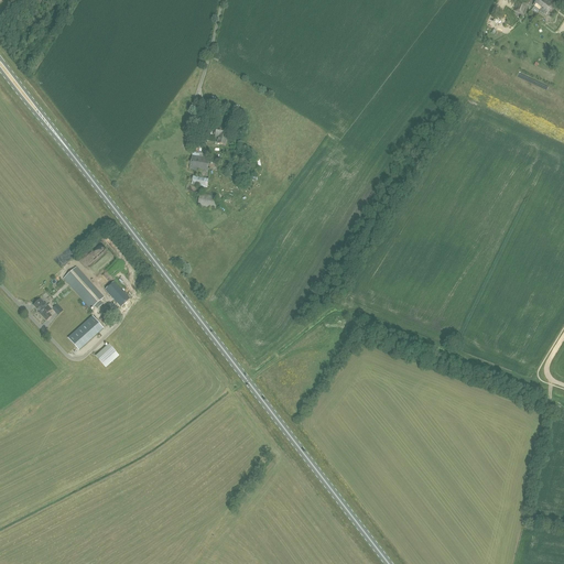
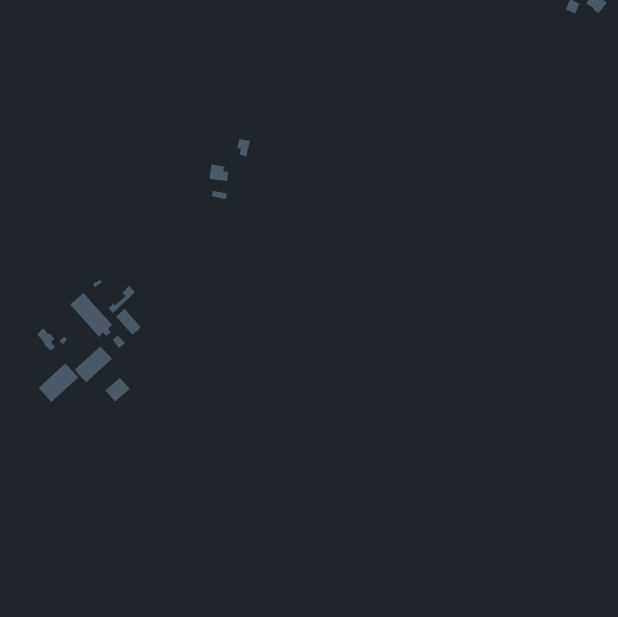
building: none -> [38,362,79,403]

